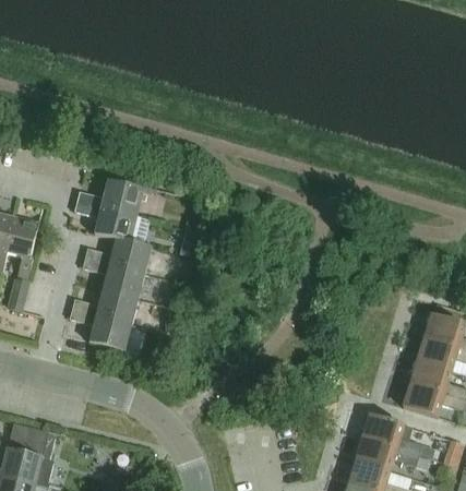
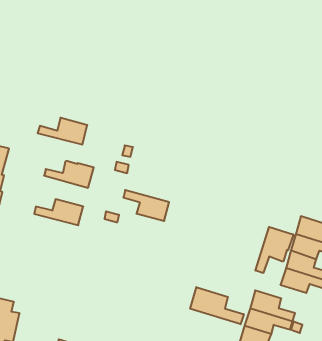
building: [75,203,138,244] -> none
building: [84,260,145,301] -> [123,190,169,221]
building: [71,311,132,352] -> none
building: none -> [255,227,293,273]
building: none -> [190,287,244,324]

